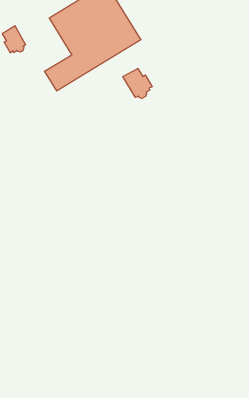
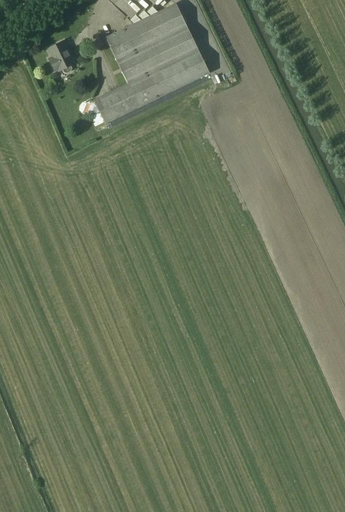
building: [123,68,152,98] -> none

